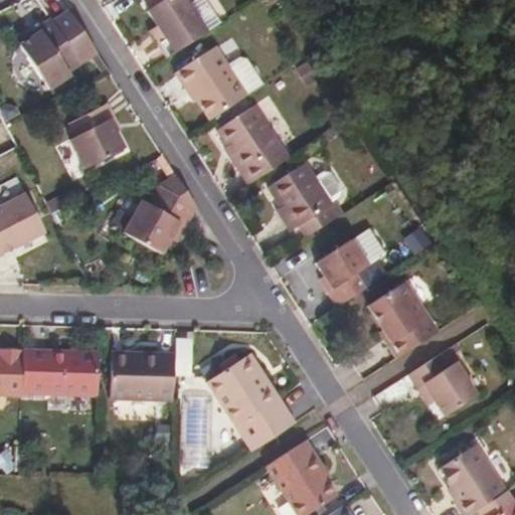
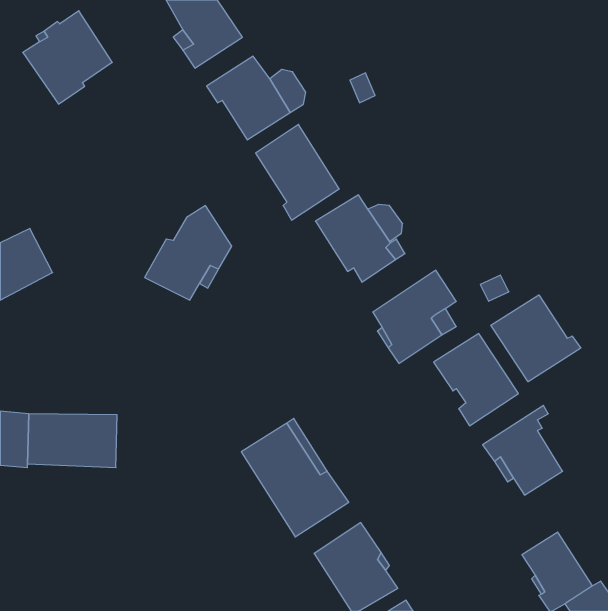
building: [70,102,124,168] -> none
building: none -> [491,295,581,382]
building: [109,351,175,398] -> none

